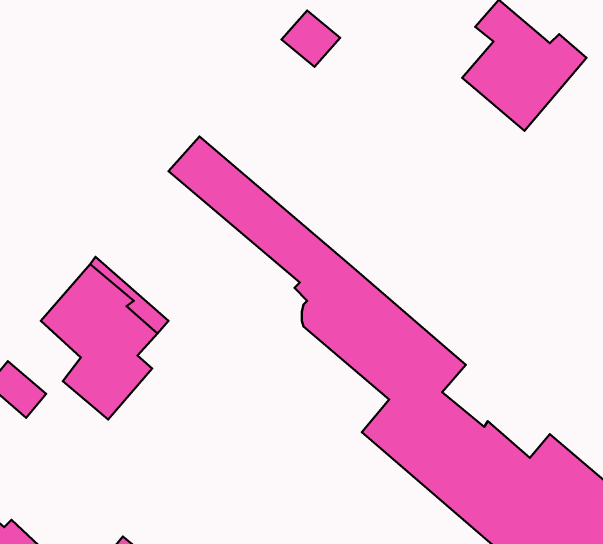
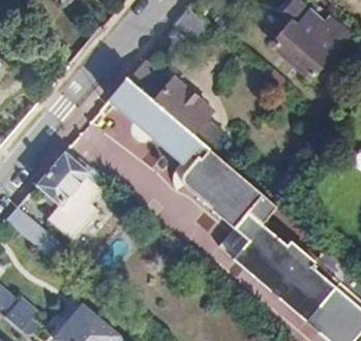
building: none -> [125,60,222,152]

